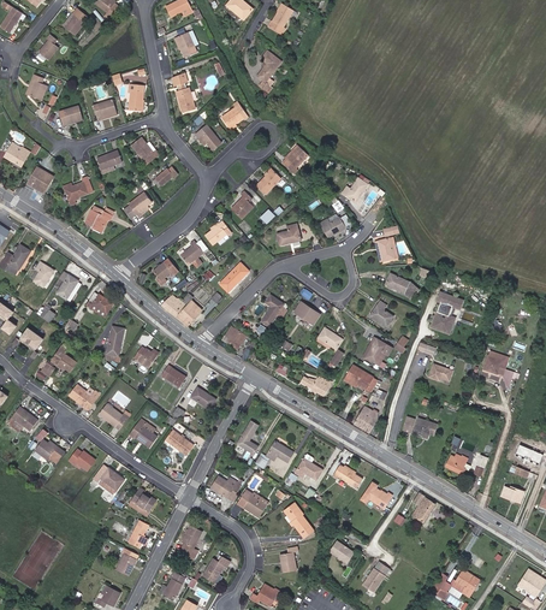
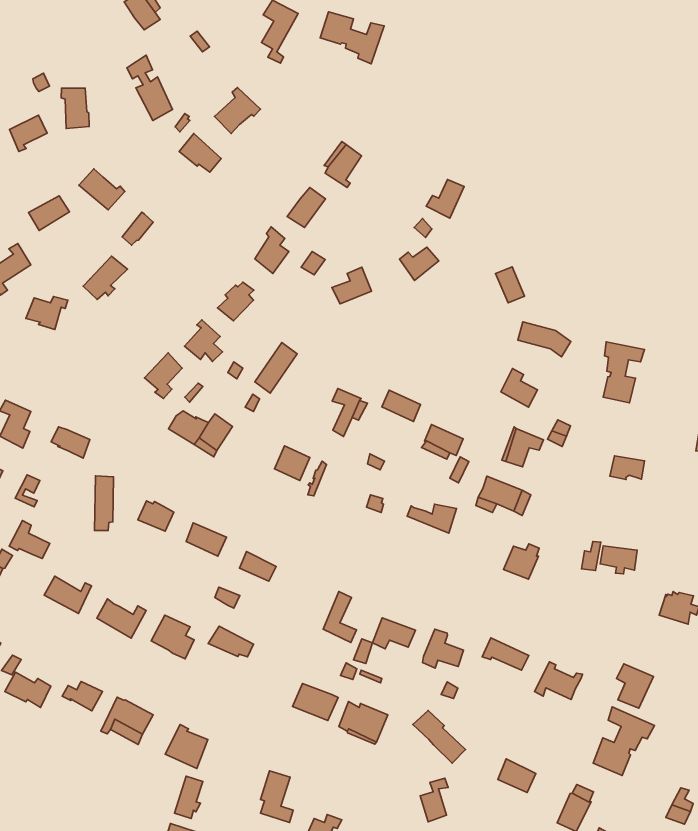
building: none -> [320,12,384,64]
building: none -> [593,707,654,775]

